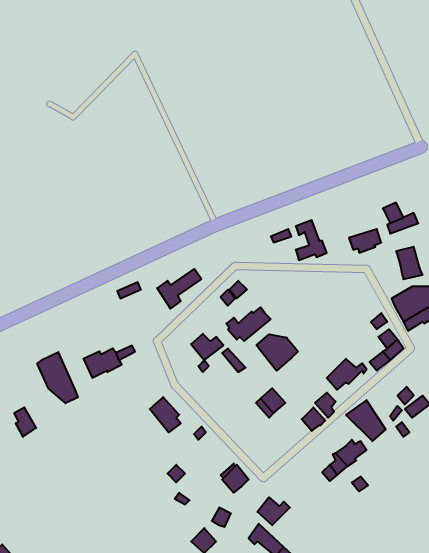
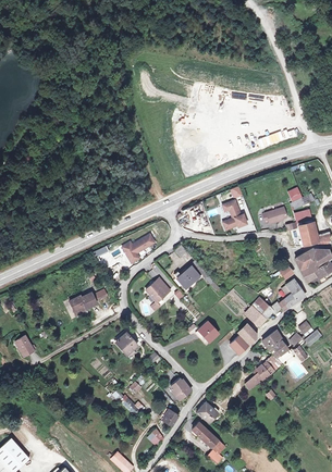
building: [256,334,298,371] -> none
building: [37,352,78,403] -> none

